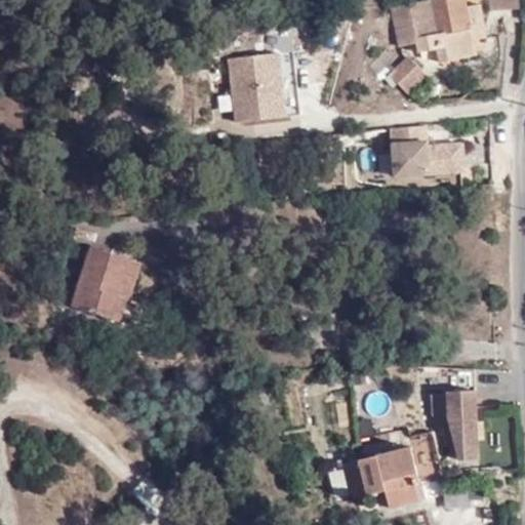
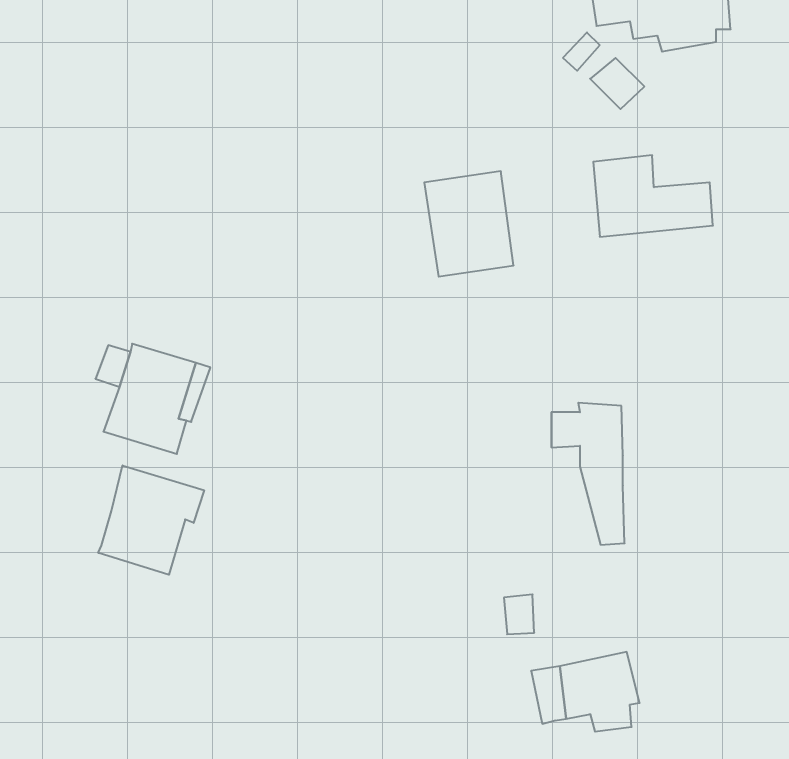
building: [226,51,283,119] -> [424,171,514,277]
building: none -> [98,465,204,575]
building: [431,373,478,465] -> [551,403,625,545]

